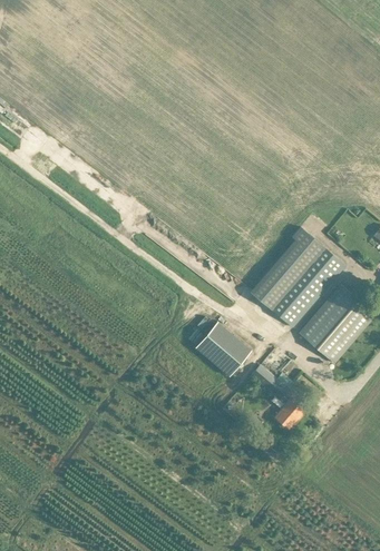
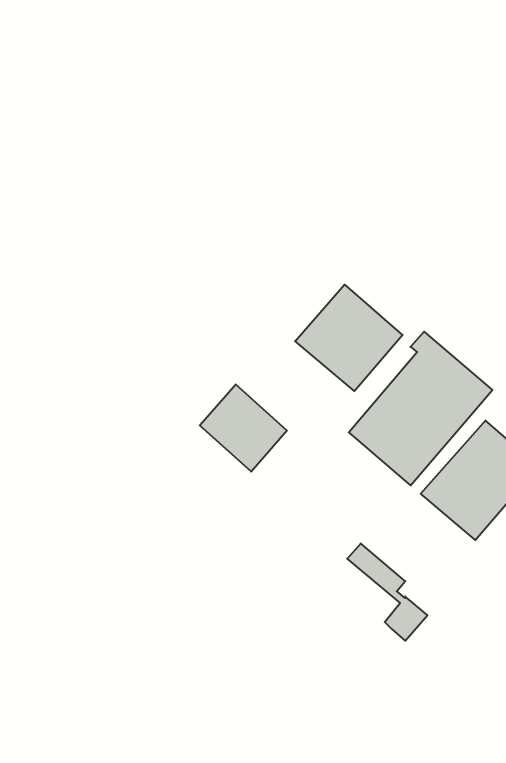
building: none -> [295,285,403,391]
building: [195,321,252,377] -> [200,384,287,472]

